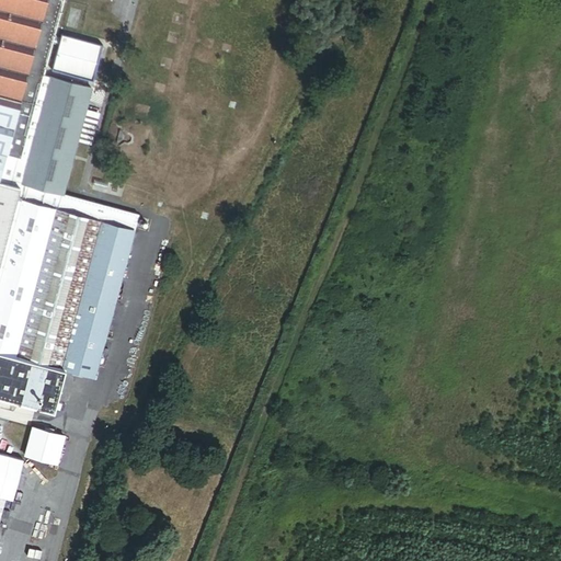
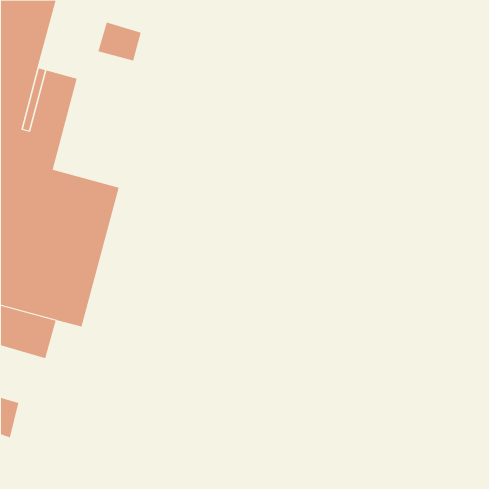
building: [51,36,102,81] -> [97,22,141,61]
building: [25,428,64,463] -> none

